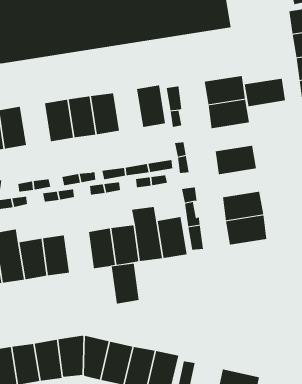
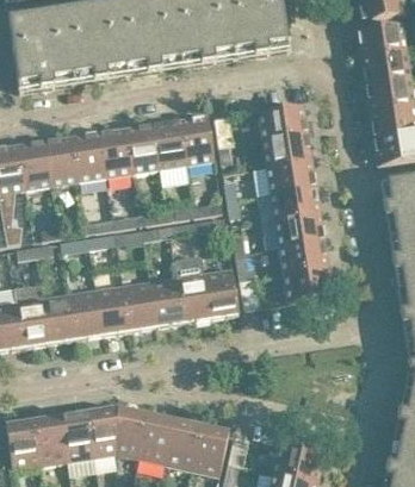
building: [244,78,286,107] -> [267,158,316,192]
building: none -> [154,119,187,168]
building: none -> [45,136,80,185]
building: none -> [275,212,324,245]
building: [111,263,140,304] -> [97,286,130,333]

